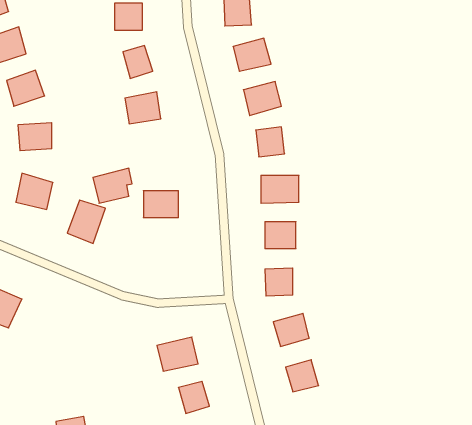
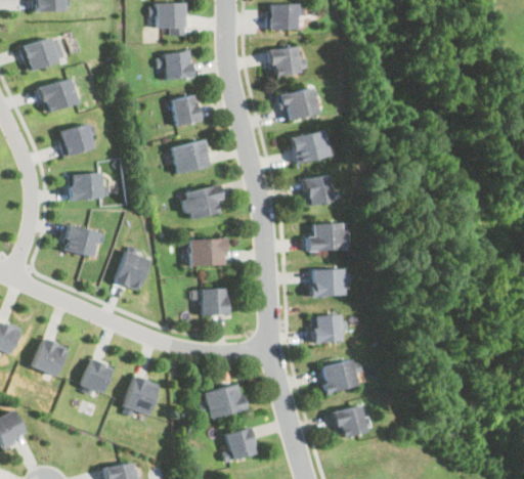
building: [93,168,132,203] -> [184,185,223,220]
building: none -> [204,290,227,315]
building: none -> [85,357,117,394]
building: none -> [126,374,164,416]

